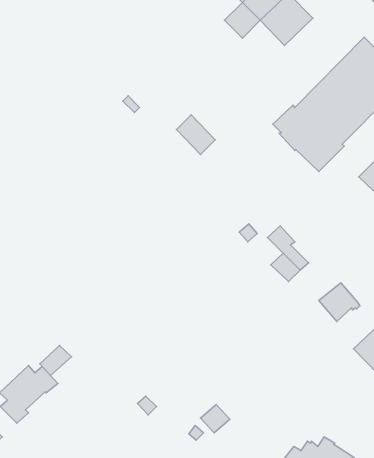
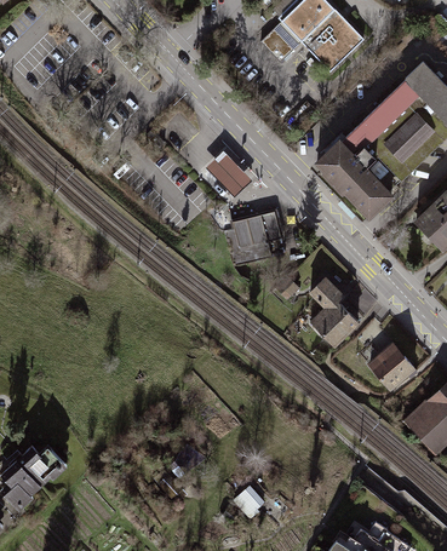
building: none -> [225,213,281,268]
building: [40,345,71,375] -> none

